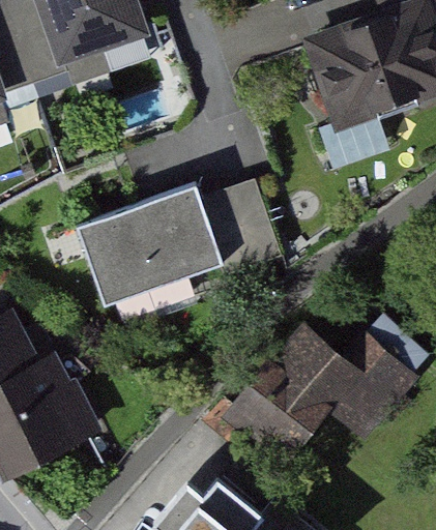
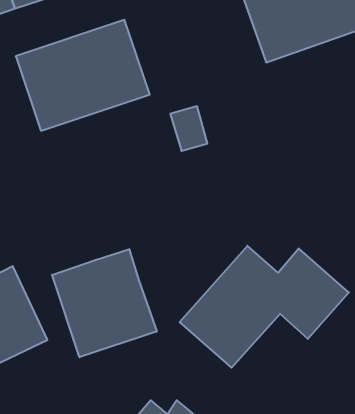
building: [71,182,221,305] -> [16,20,150,131]
building: none -> [52,249,157,357]

